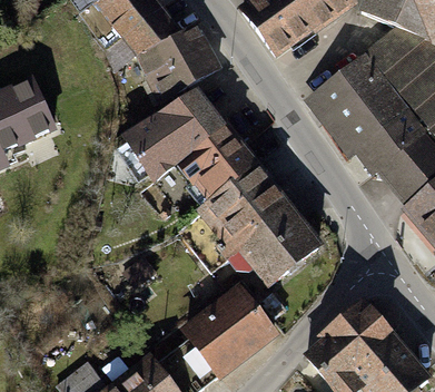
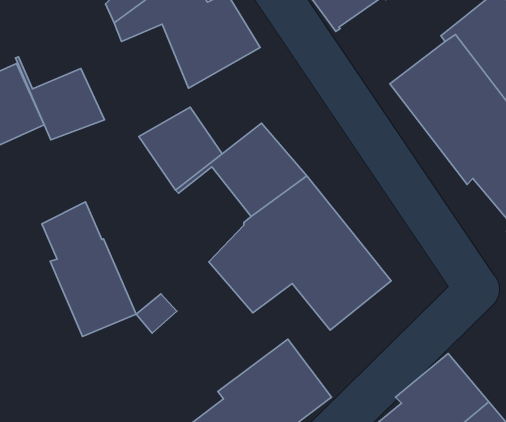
building: none -> [15,57,104,140]
building: [166,92,220,149] -> none
building: none -> [42,202,136,337]

